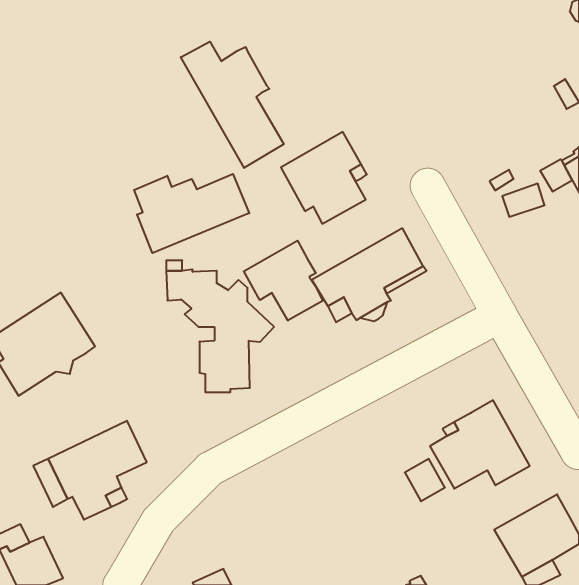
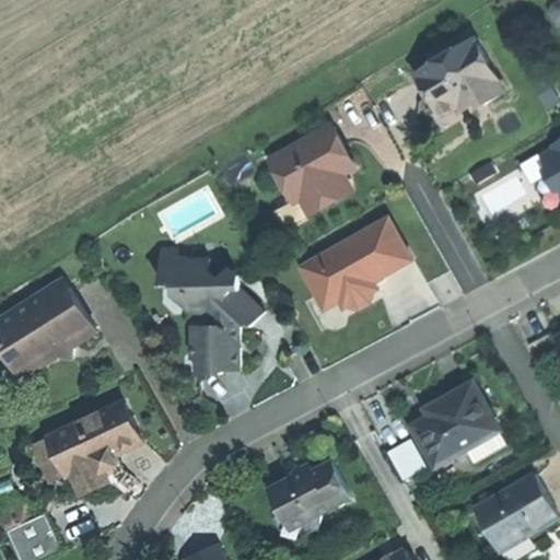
building: none -> [411,36,501,114]
building: [181,42,284,168] -> none
building: [134,174,249,253] -> none
building: [244,241,323,321] -> none
building: none -> [268,460,349,527]

